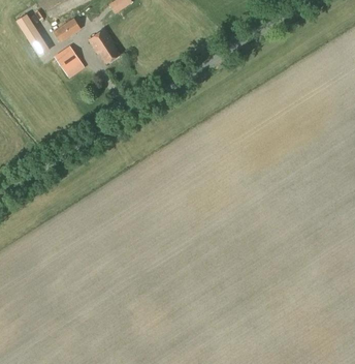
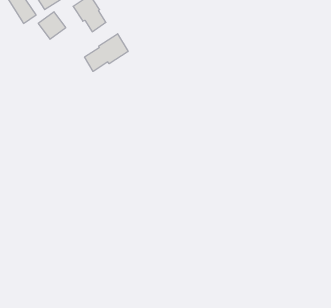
building: none -> [85,34,128,71]

